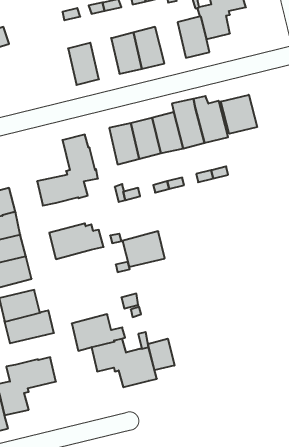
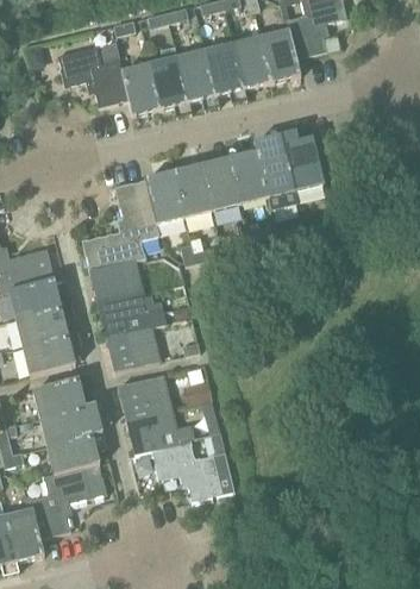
building: none -> [232,37,271,89]
building: none -> [57,45,128,107]
building: none -> [150,45,187,109]
building: [221,95,257,134] -> none
building: none -> [143,171,184,225]
building: none -> [89,259,143,305]
building: [123,231,165,267] -> [106,326,159,371]
building: none -> [118,375,171,420]
building: none -> [48,434,99,472]
building: [148,339,174,370] -> none

